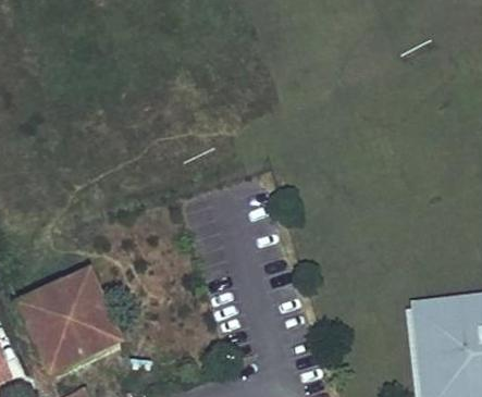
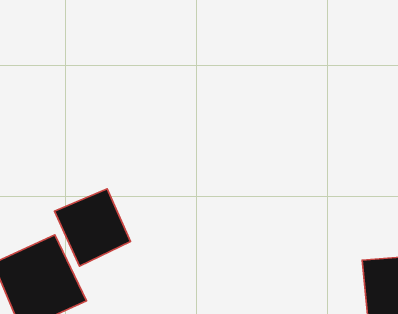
building: none -> [55,189,131,266]

